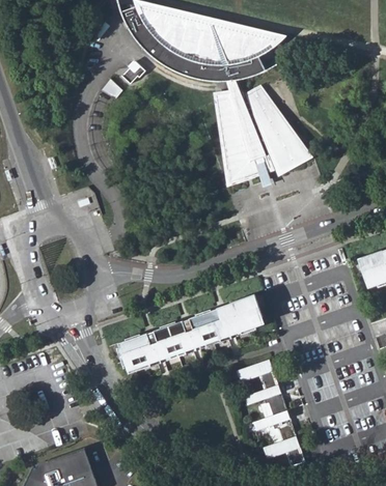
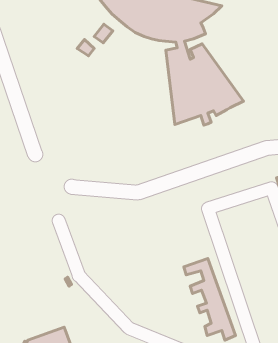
building: [117,294,263,372] -> none

